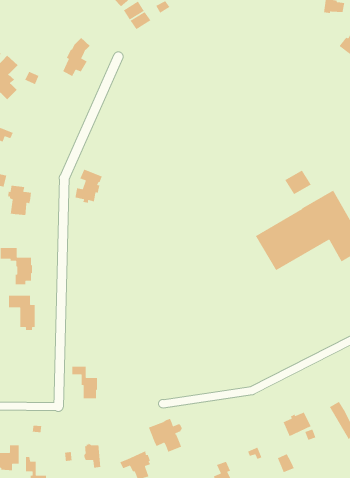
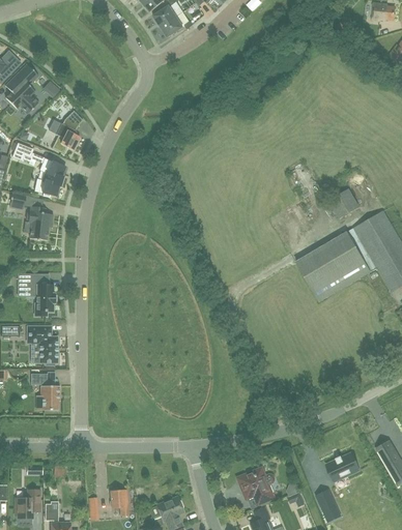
building: [62,37,91,77] -> [52,110,83,153]
building: [74,168,103,204] -> [34,157,65,196]
building: [71,366,98,399] -> [30,373,59,409]
building: [148,418,183,453] -> [236,466,275,504]

